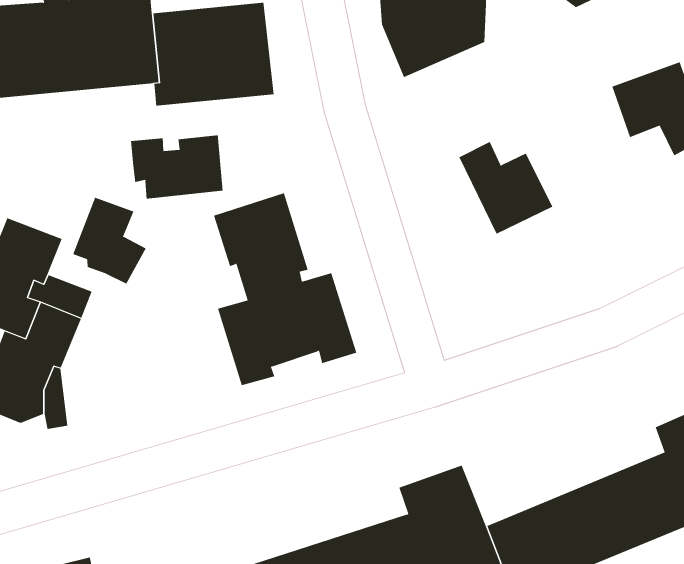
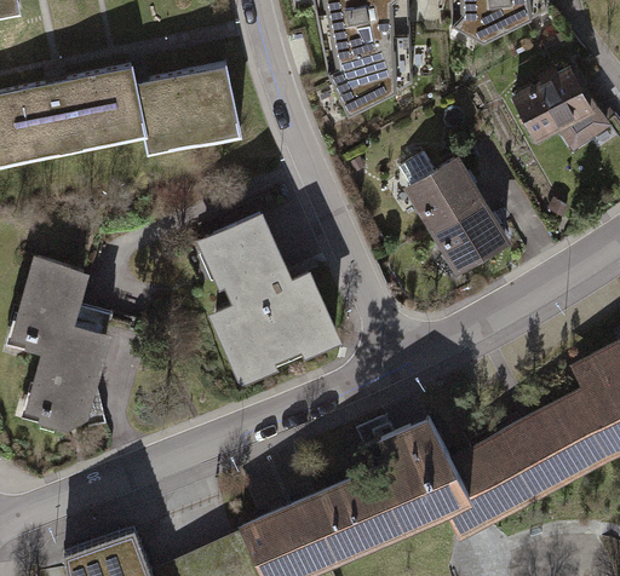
building: [130,134,223,199] -> none
building: [72,197,146,284] -> none
building: none -> [435,202,504,271]

